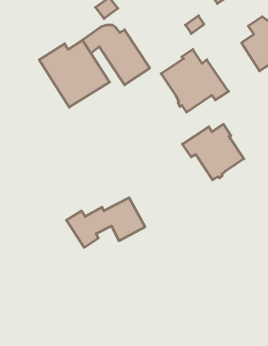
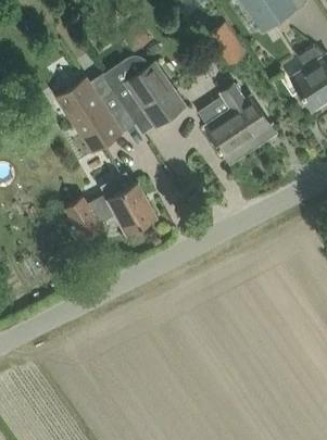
building: [182,124,244,180] -> none
building: [66,198,145,247] -> [64,184,155,241]

